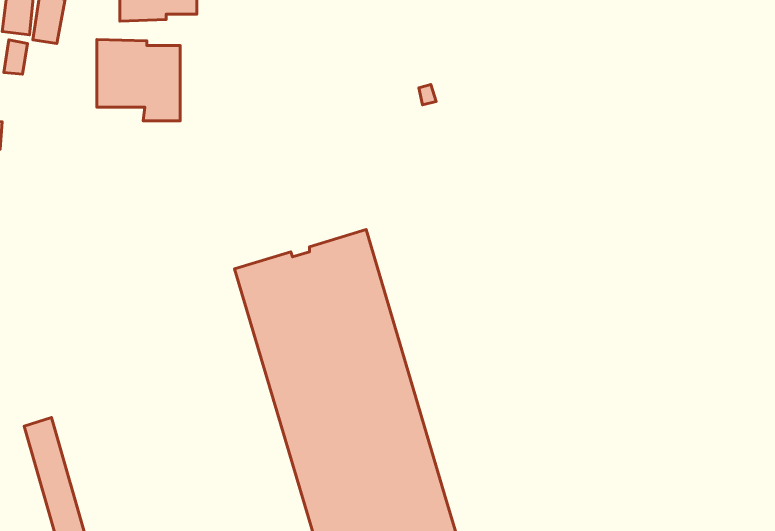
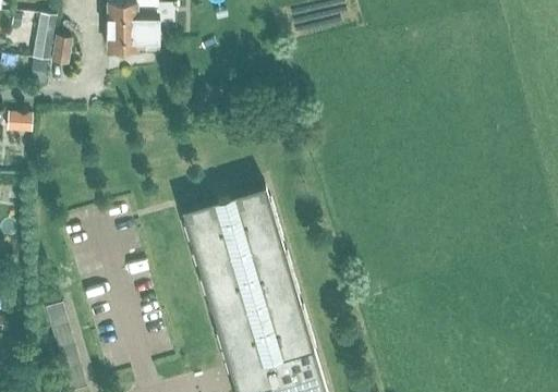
building: [97,39,180,121] -> none

